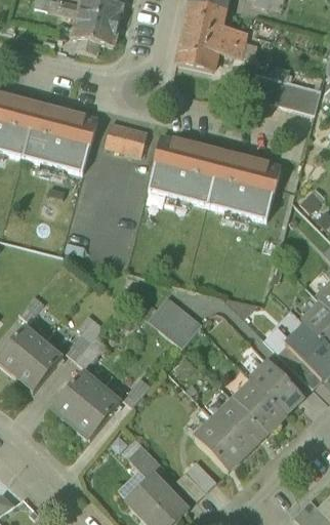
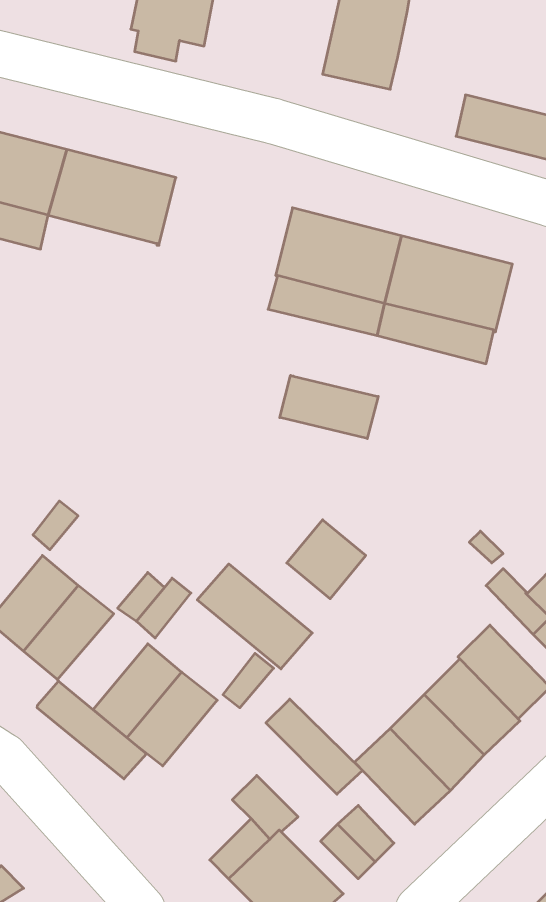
building: [217,27,246,56] -> none
building: [104,121,147,154] -> none
building: [23,137,86,171] -> none
building: none -> [280,375,378,439]
building: none -> [197,564,312,669]
building: none -> [37,681,146,779]
building: none -> [266,699,363,794]

